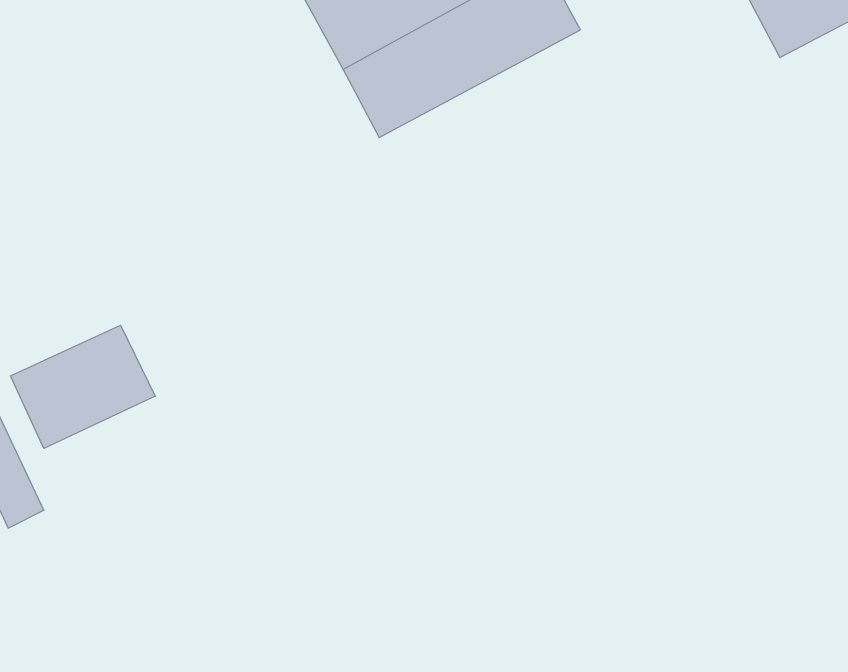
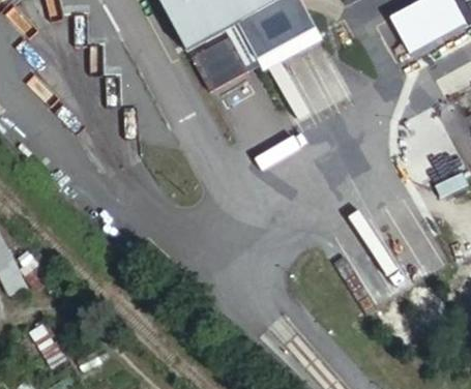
building: [11,325,155,448] -> none

